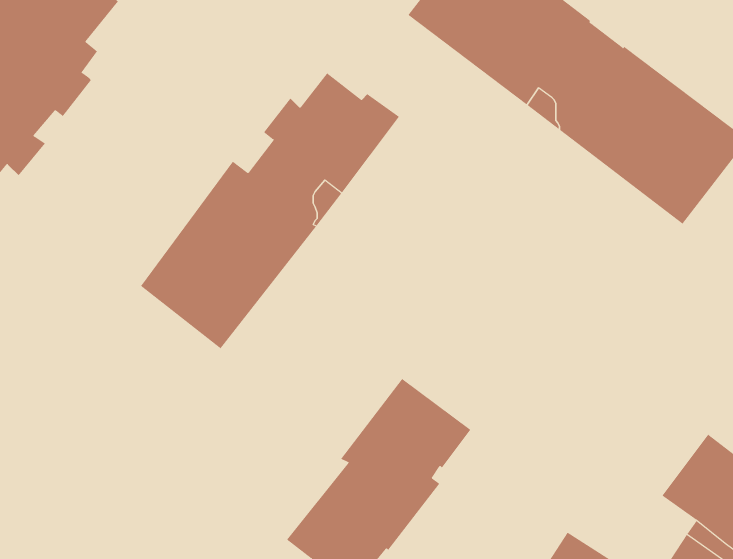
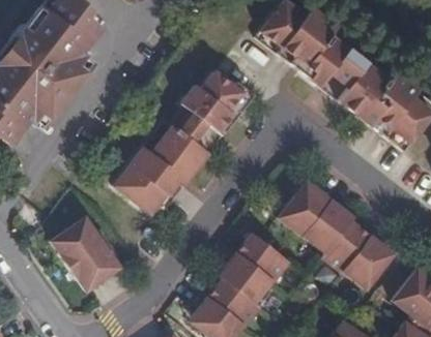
building: none -> [278,181,394,288]
building: none -> [49,216,118,289]

